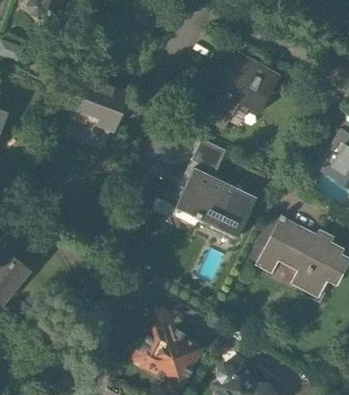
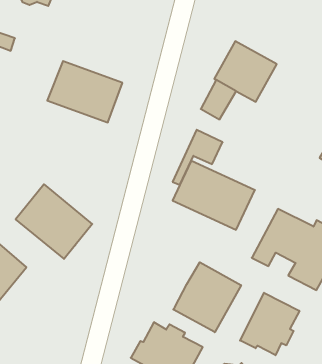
building: none -> [16,184,92,259]
building: none -> [173,262,241,332]
building: none -> [240,293,299,355]

